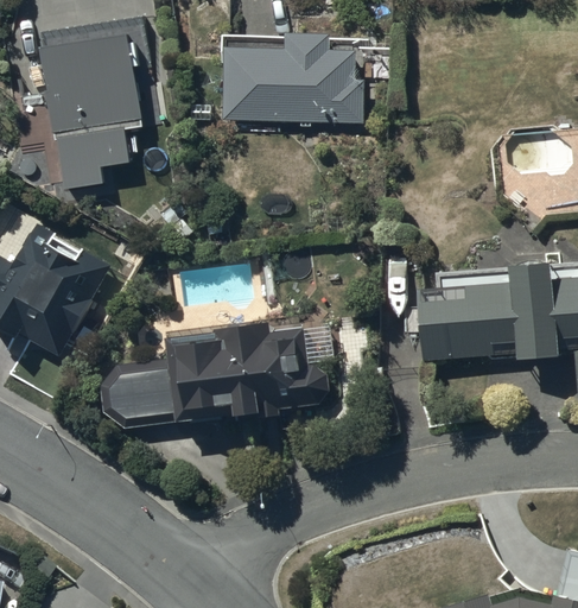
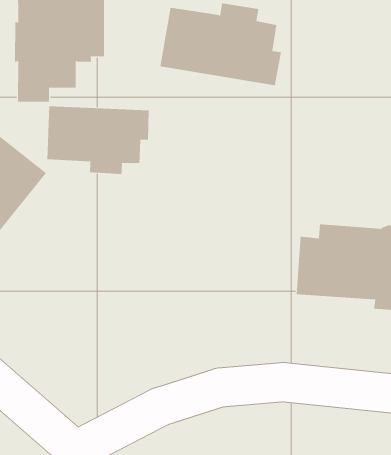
building: none -> [47,105,149,175]
building: [101,325,329,426] -> none

